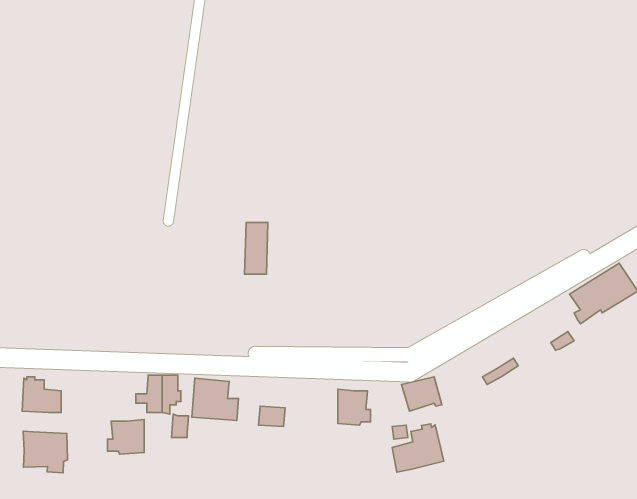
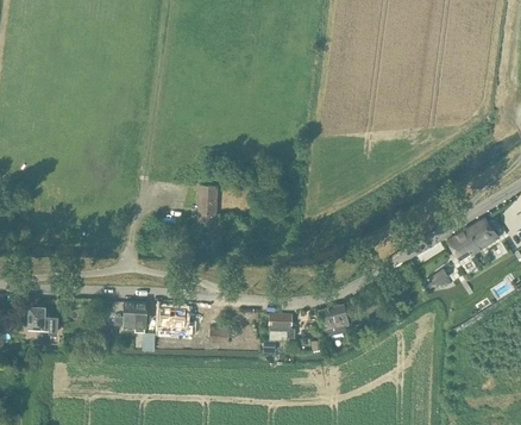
building: [108,420,144,454] -> none
building: [392,424,444,472] -> none
building: [23,431,68,473] -> none

